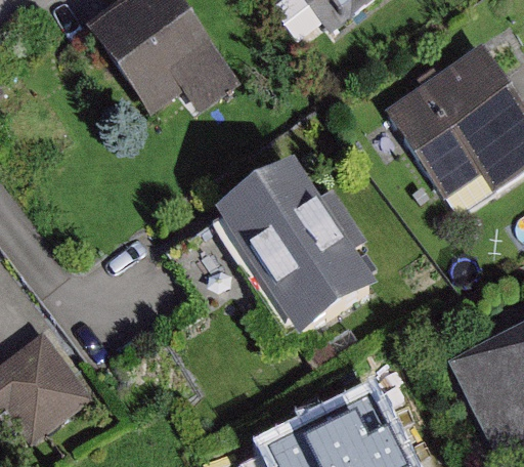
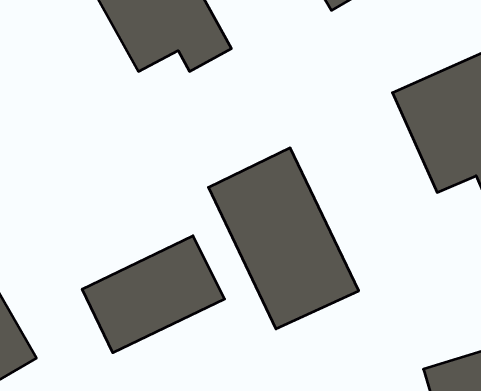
building: none -> [82,236,225,353]

